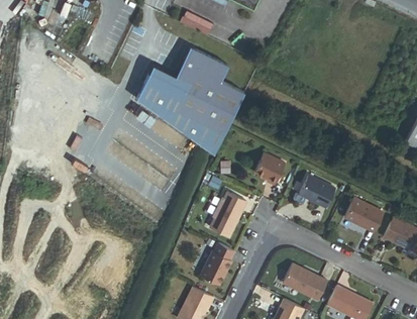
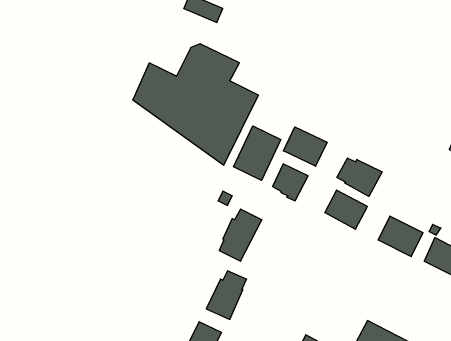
building: none -> [234,126,281,180]
building: none -> [283,127,327,166]
building: none -> [337,158,382,196]
building: [281,262,326,300] -> none

